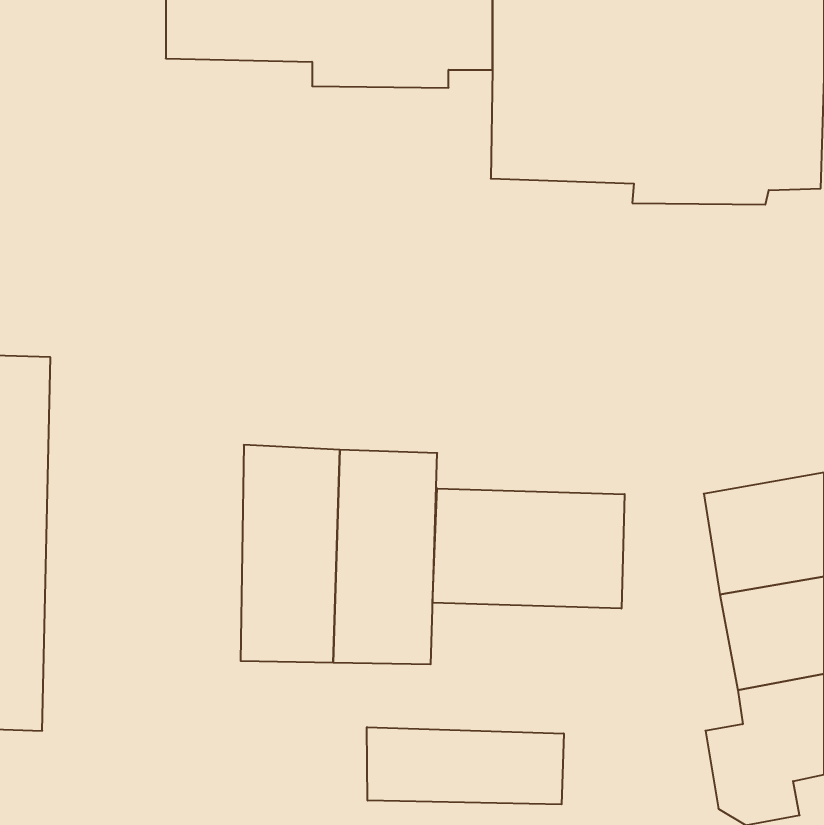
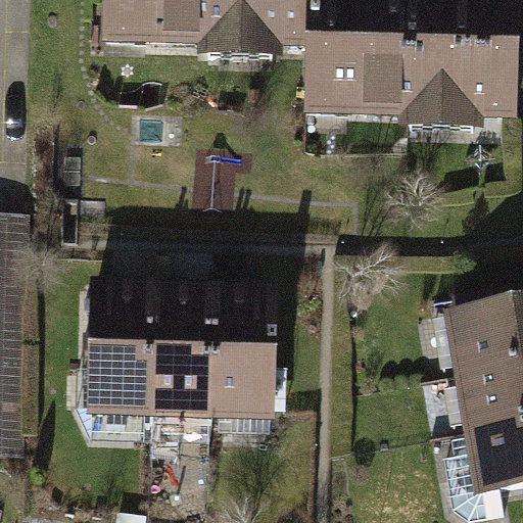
building: none -> [85,279,153,416]
building: [433,488,625,609] -> none
building: [367,727,564,804] -> none

